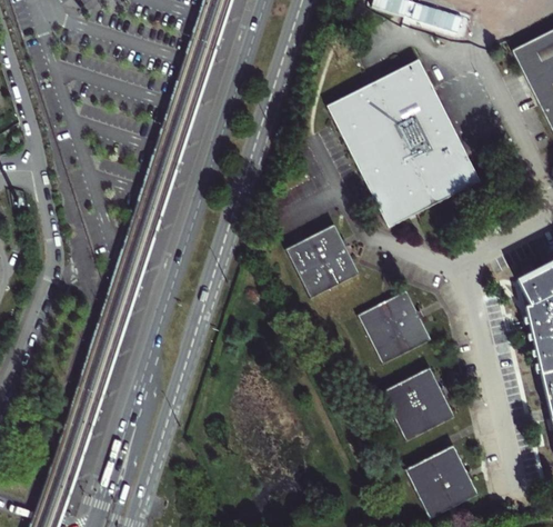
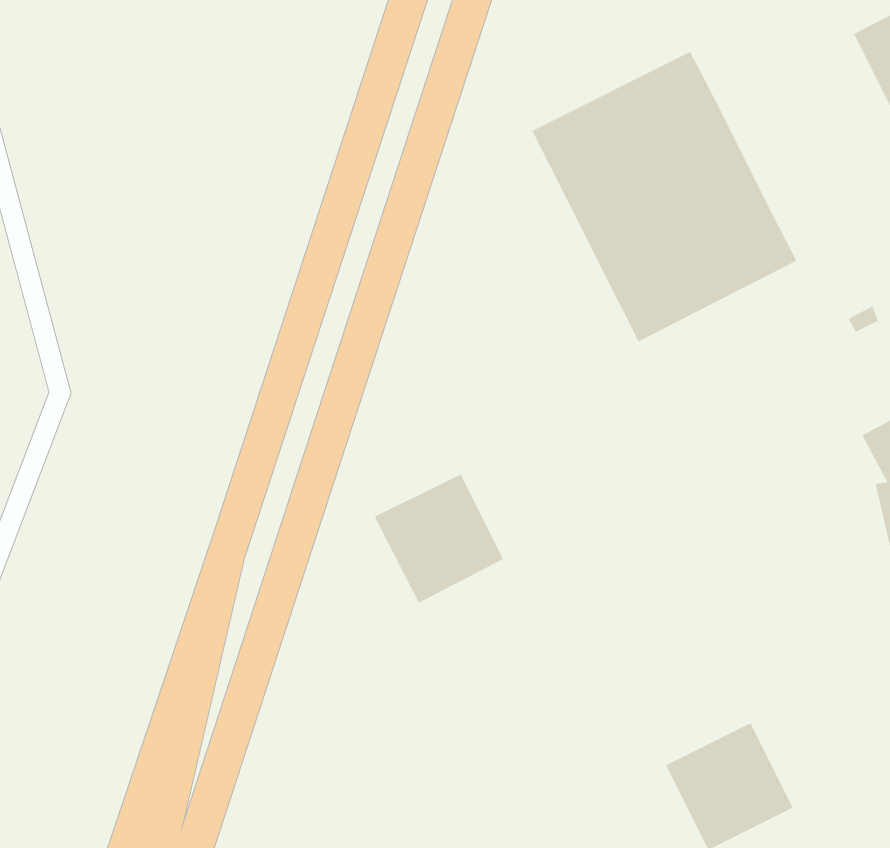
building: [284,223,359,298] -> [374,474,504,604]
building: [358,288,432,362] -> none
building: [380,365,454,440] -> none

